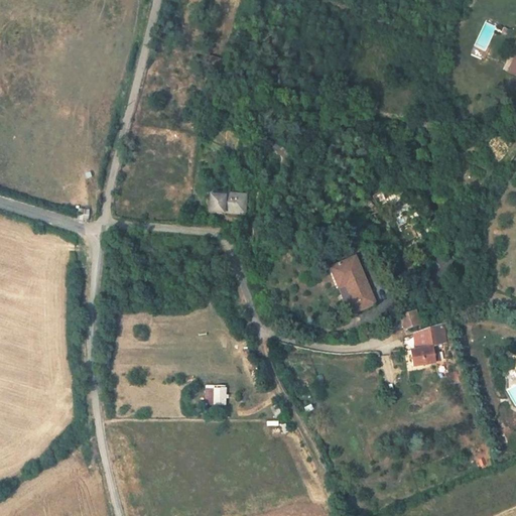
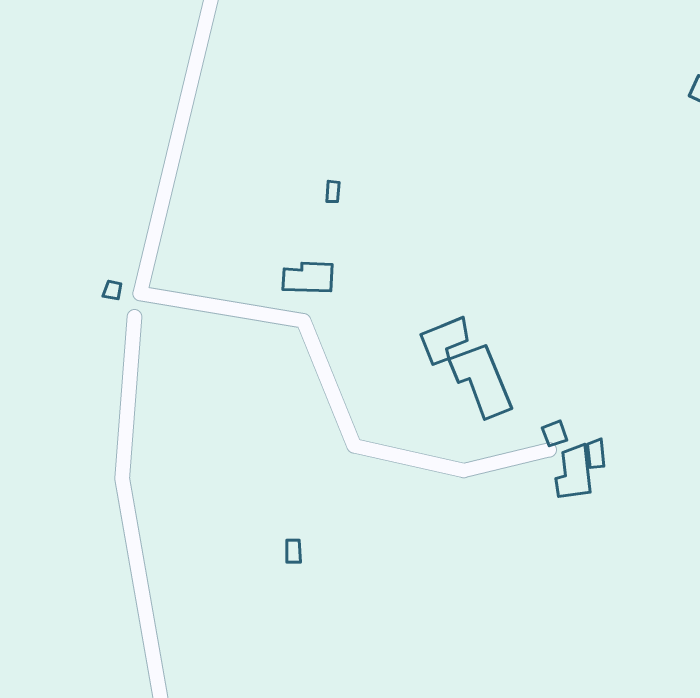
building: none -> [421,317,467,364]

